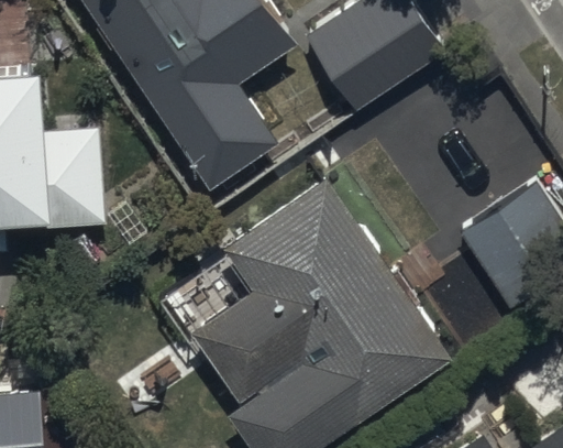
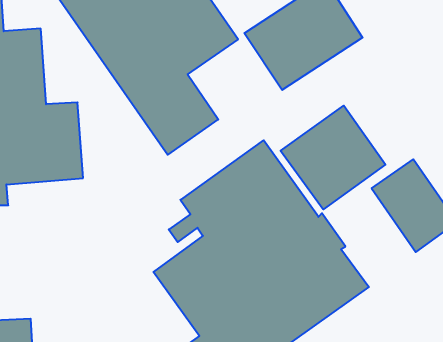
building: none -> [281,106,385,209]

